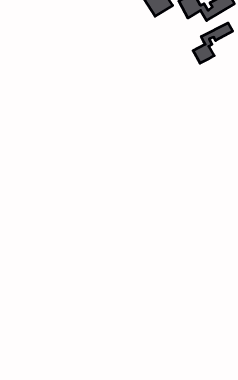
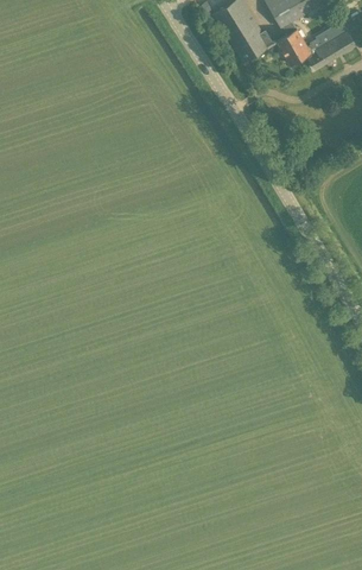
building: [193,23,233,63] -> none

